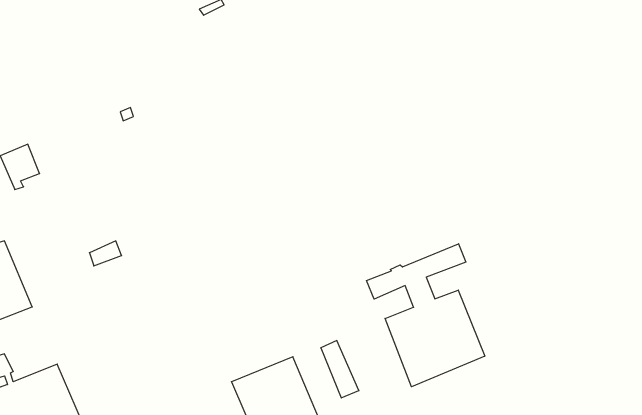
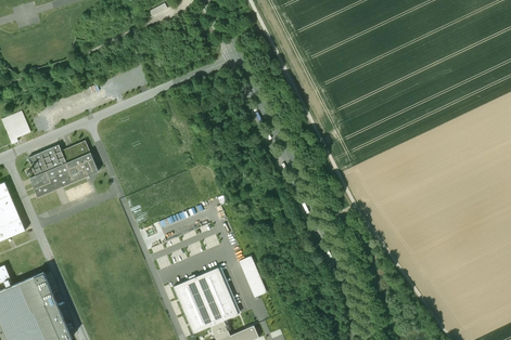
building: none -> [28,141,99,197]
building: [367,244,485,387] -> none

